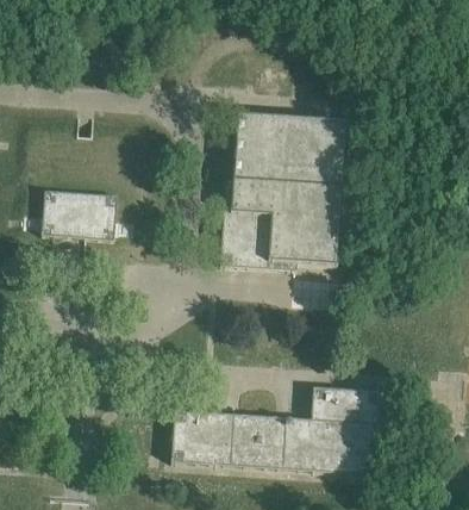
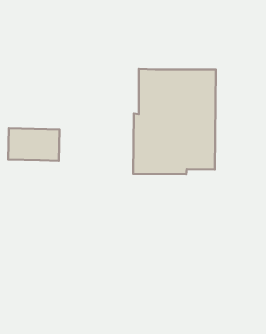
building: [171,387,380,475] -> none

